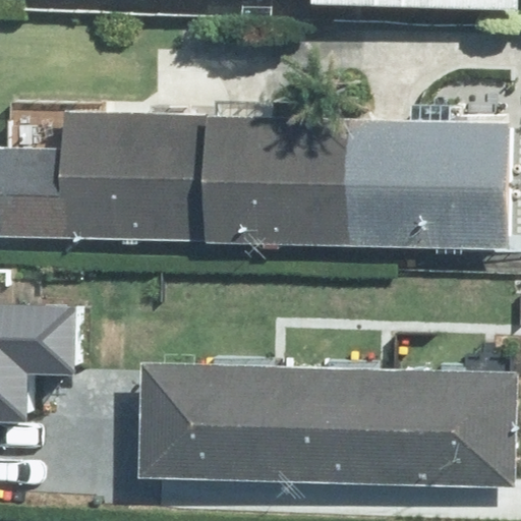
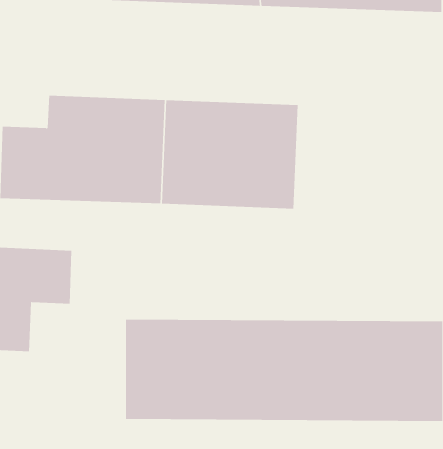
building: [340,121,504,247] -> none

